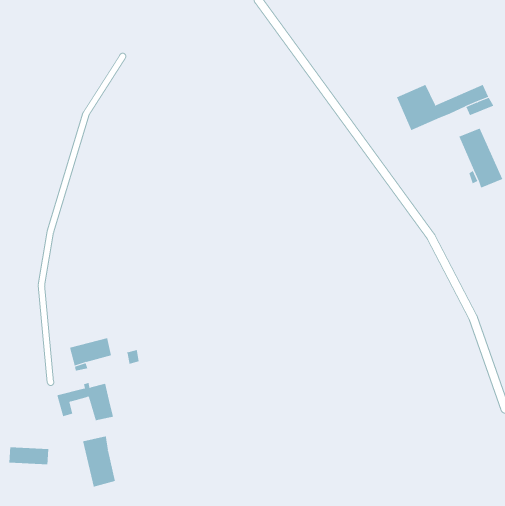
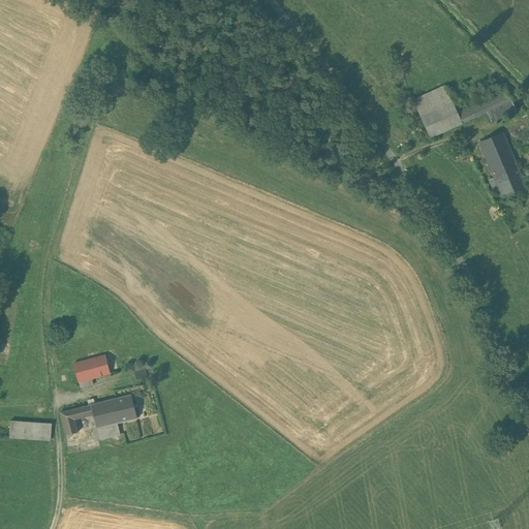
building: none -> [111,395,136,423]
building: [83,436,115,487] -> none
building: [9,447,49,465] -> [8,421,51,439]

